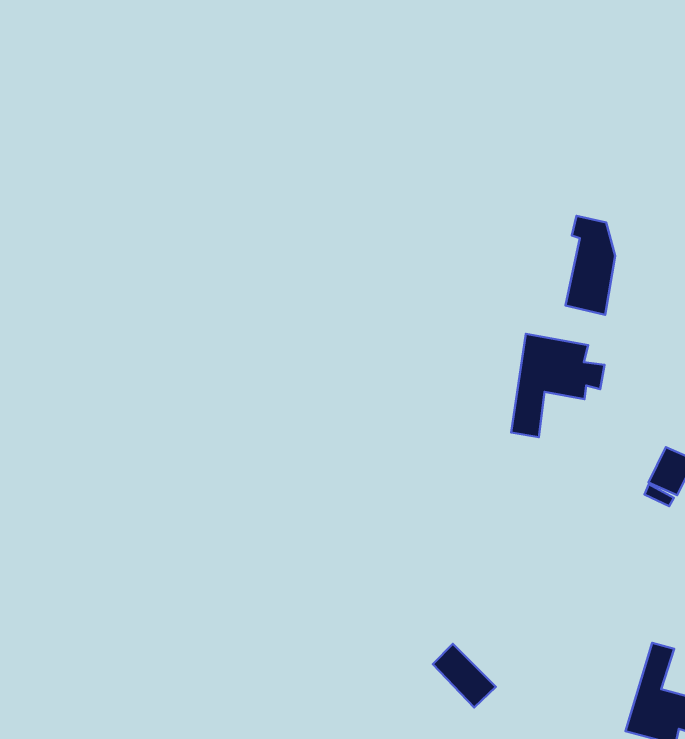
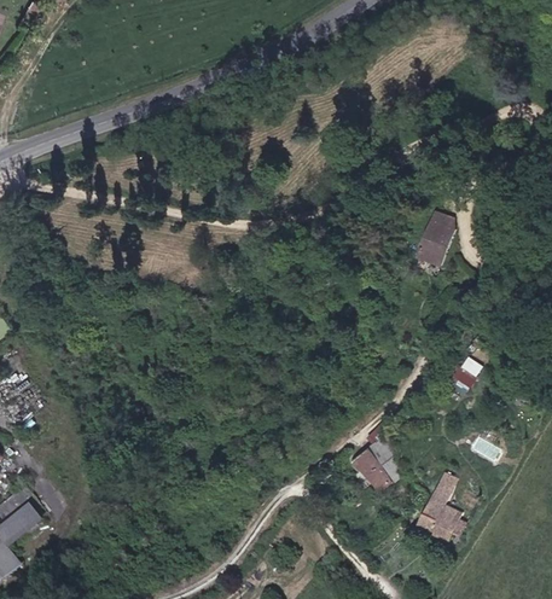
building: [511,334,604,437] -> none
building: [433,644,496,708] -> [354,448,391,490]

